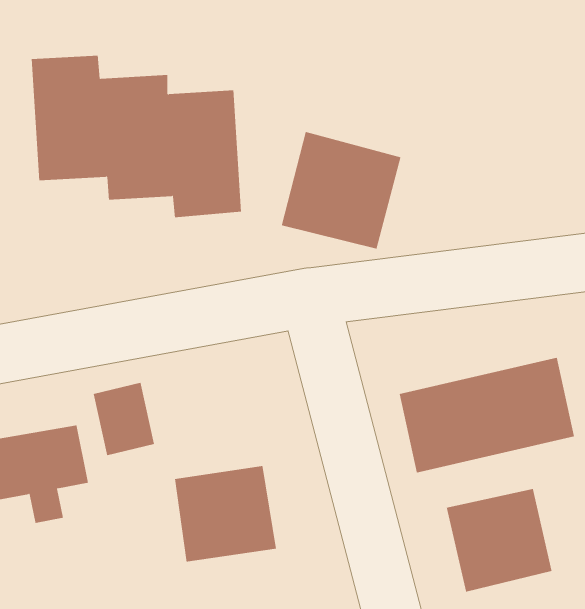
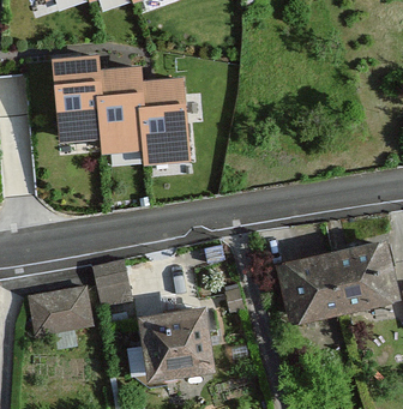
building: [281,131,401,250] -> none
building: [446,488,552,592] -> none

